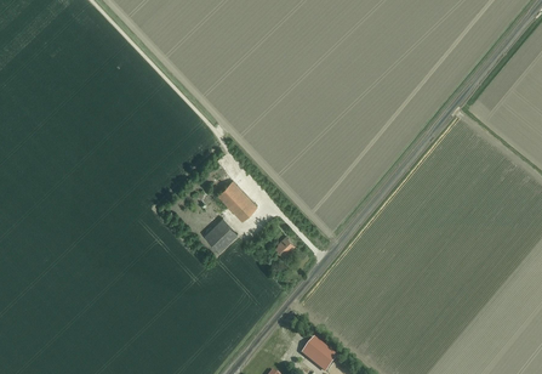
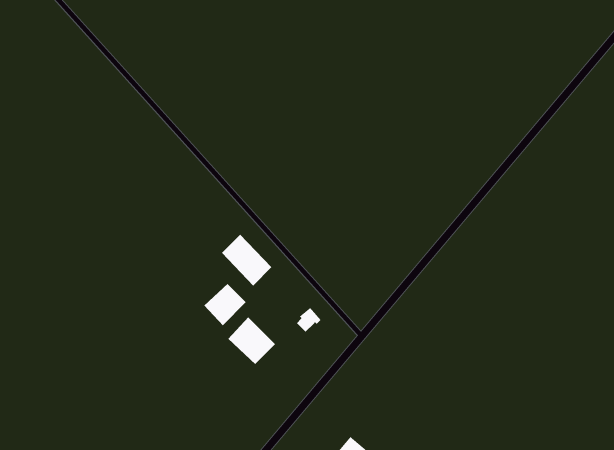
building: none -> [228,316,276,365]

